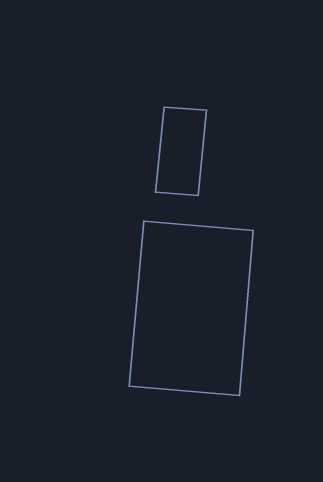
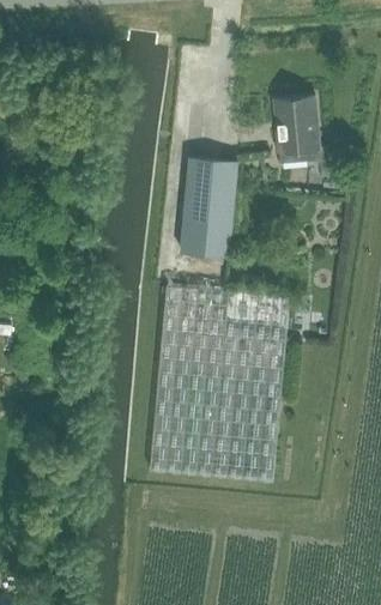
building: none -> [273,95,331,162]

